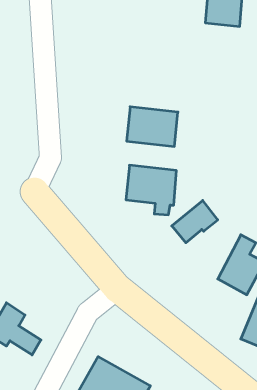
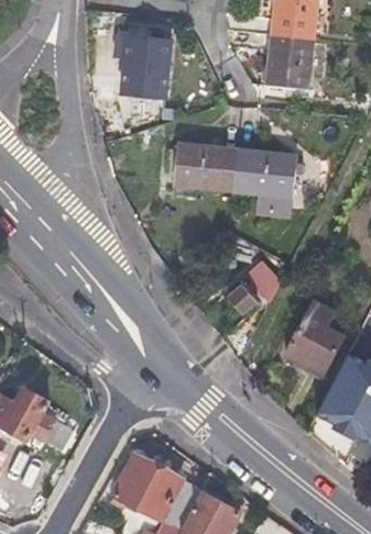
building: none -> [124,36,173,100]
building: none -> [266,36,314,91]
building: [126,165,176,215] -> [232,147,295,209]

